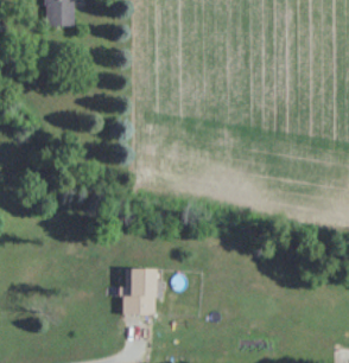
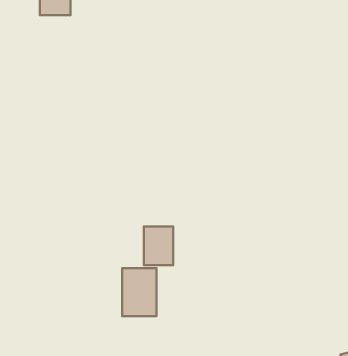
building: none -> [144,226,173,265]

